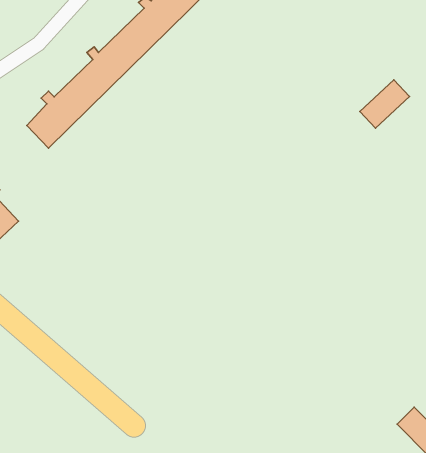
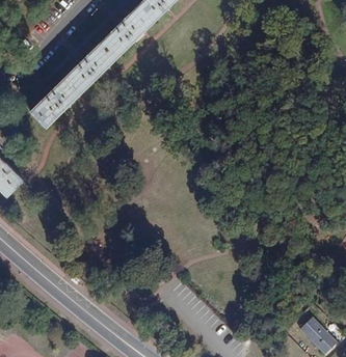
building: [360,80,409,128] -> none

